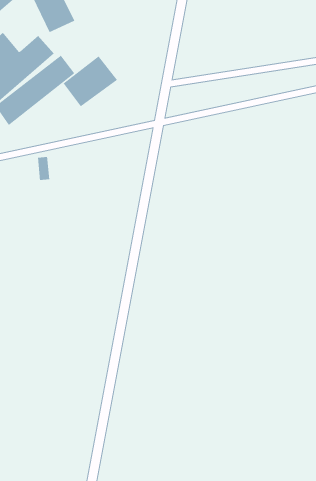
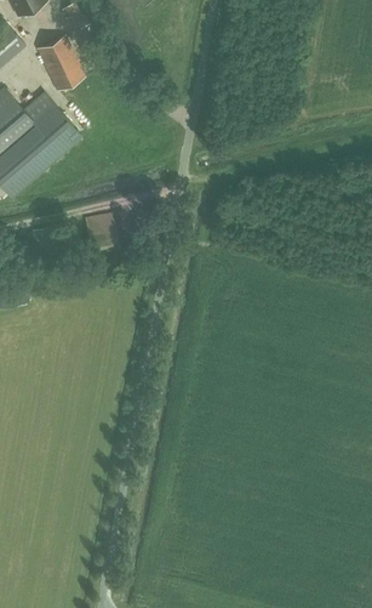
building: [63,56,118,107] -> none
building: none -> [84,214,120,261]

